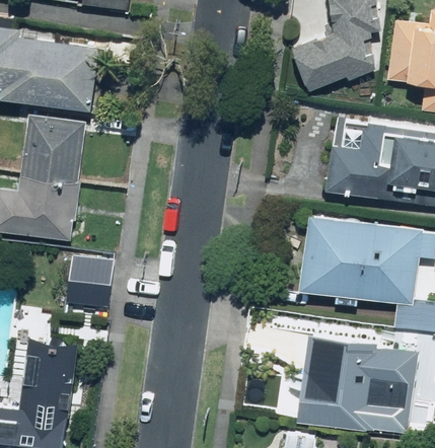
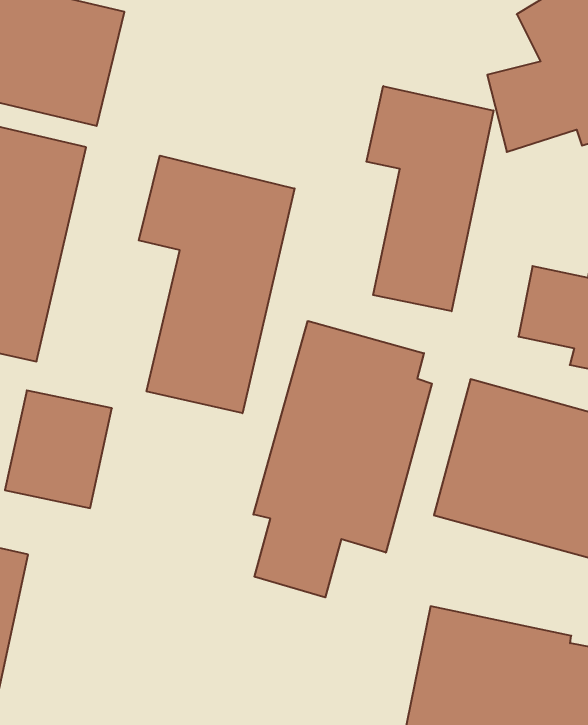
building: none -> [366,86,494,311]
building: none -> [139,156,295,413]
building: none -> [253,321,432,597]

